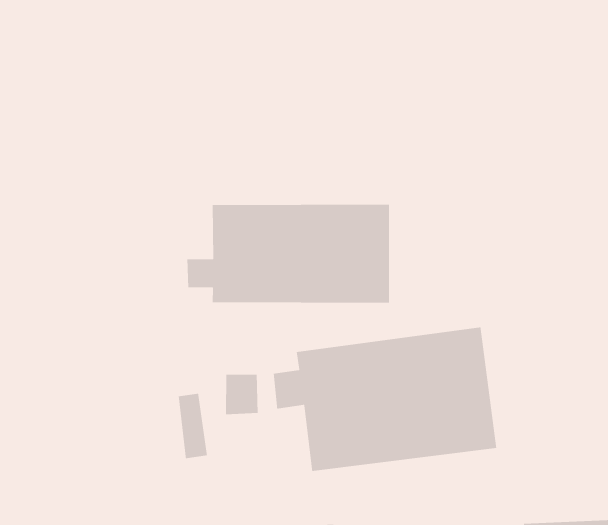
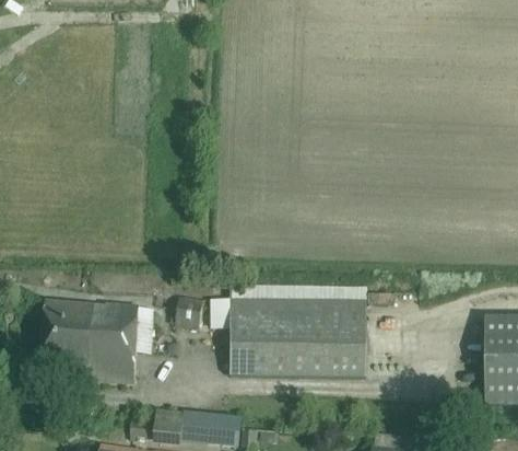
building: [187,204,390,304] -> none
building: none -> [40,301,138,384]

